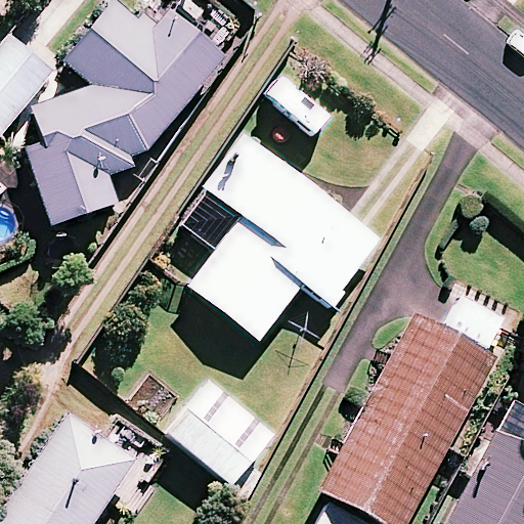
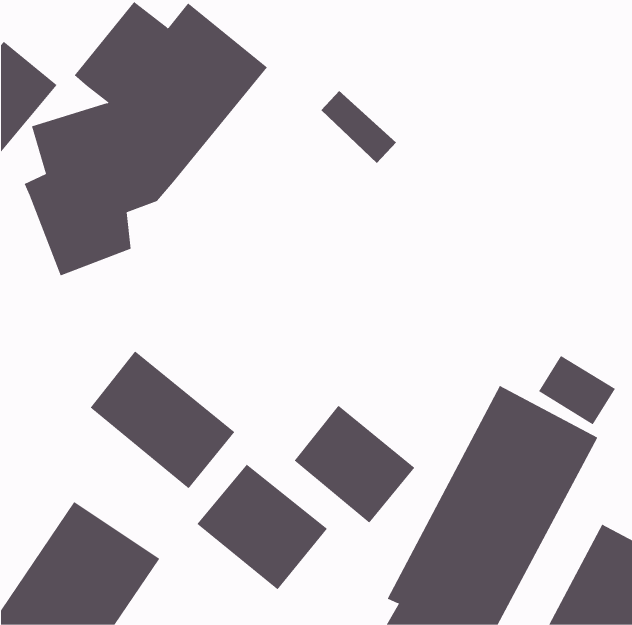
building: [184,137,381,338] -> none
building: none -> [90,351,235,489]
building: none -> [294,405,415,524]

